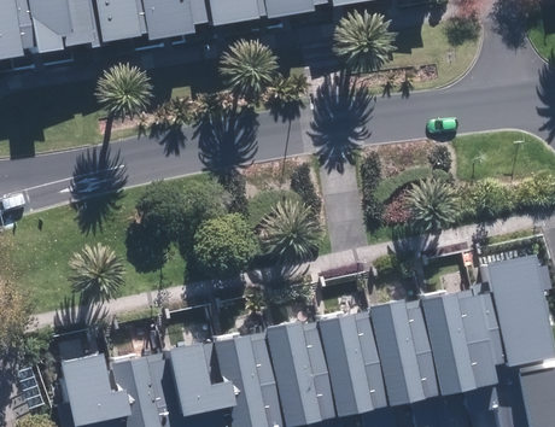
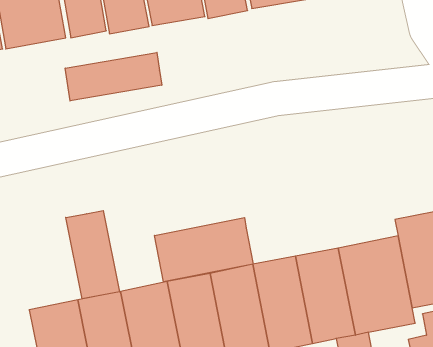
building: none -> [65,52,162,101]
building: none -> [66,211,119,299]
building: none -> [155,218,253,282]

